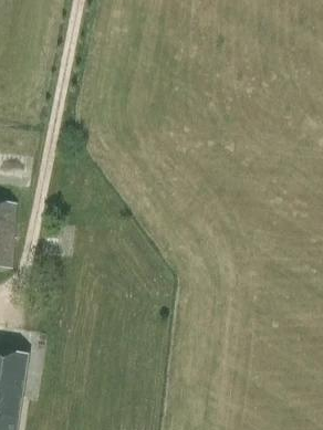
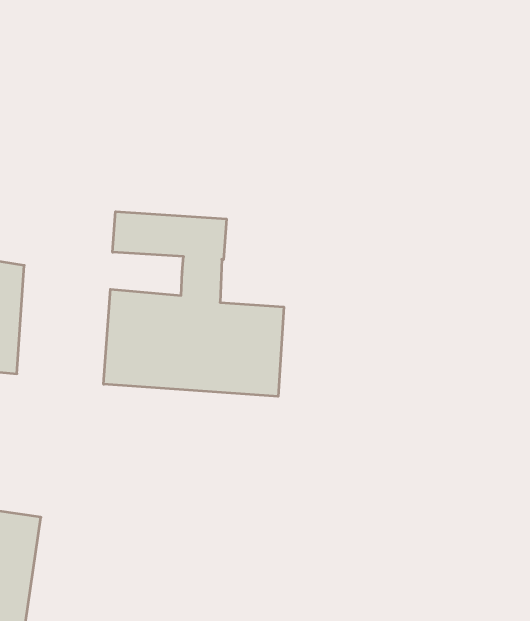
building: none -> [104,212,284,396]

